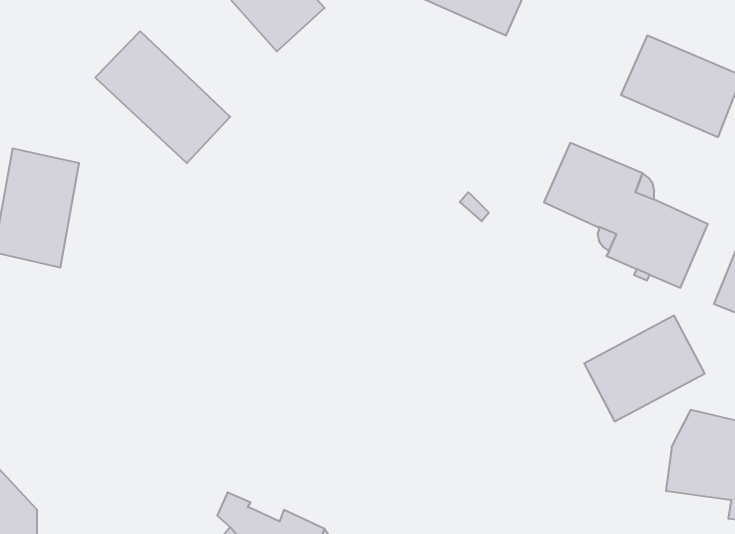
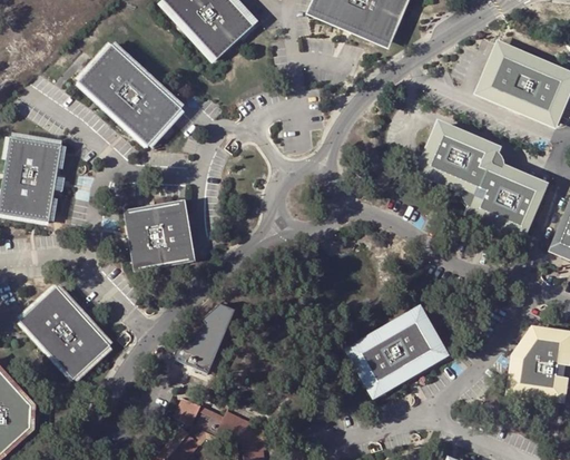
building: none -> [126,202,194,265]
building: [584,316,705,421] -> [352,309,444,390]
building: none -> [19,286,112,381]
building: none -> [176,301,238,370]

